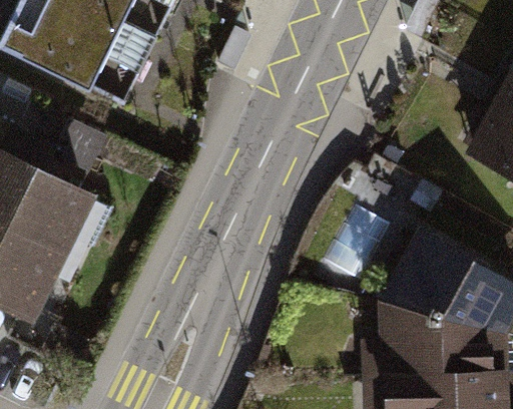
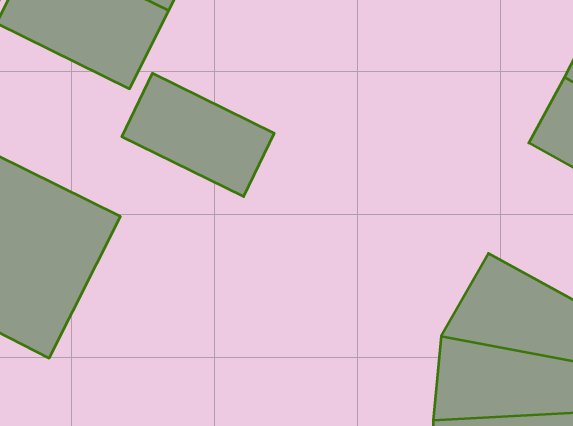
building: none -> [122,73,274,197]

